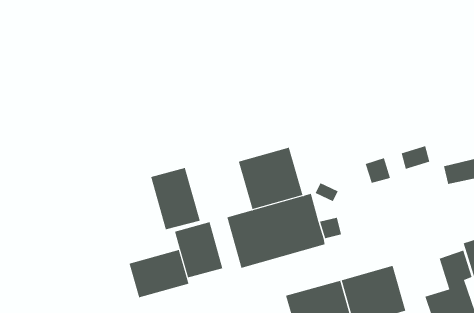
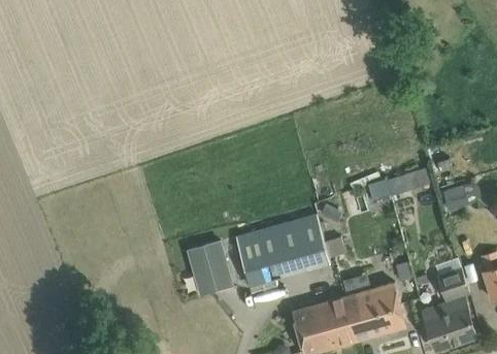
building: [238,147,303,210] -> none
building: [150,167,200,230] -> none
building: [129,249,189,298] -> none

